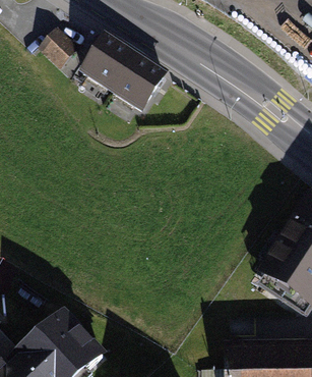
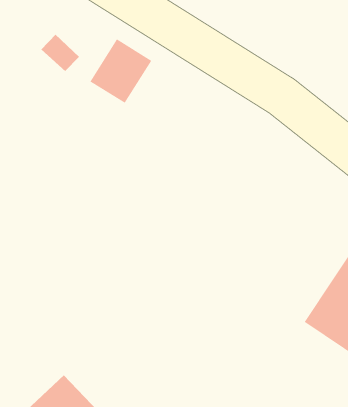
building: [112,53,164,108] -> none

